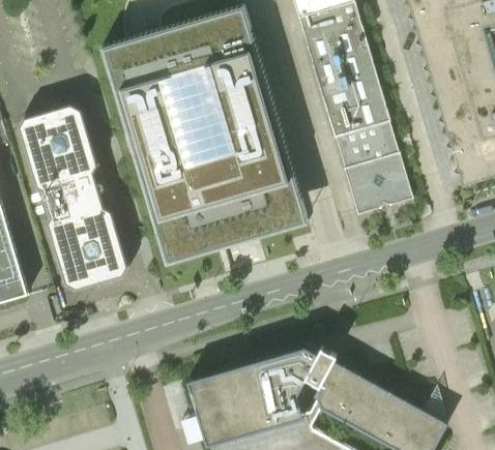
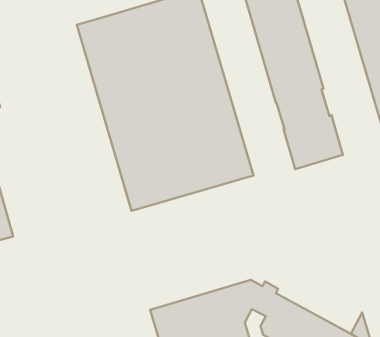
building: [17,104,129,294] -> none

